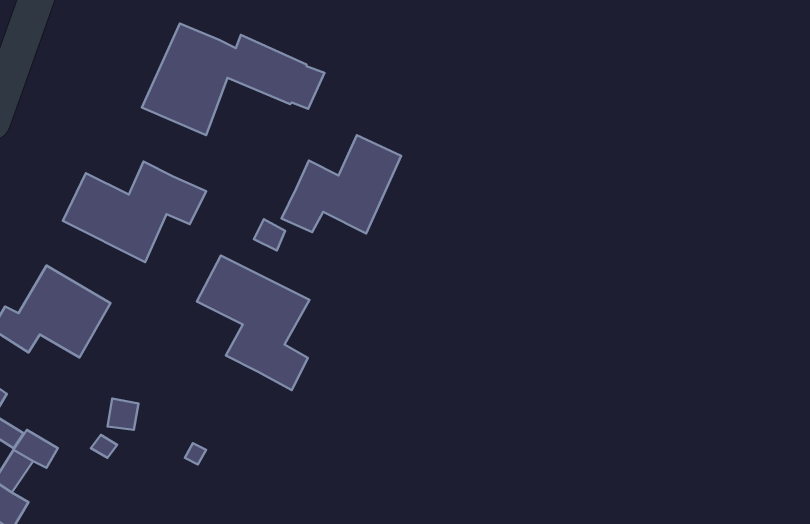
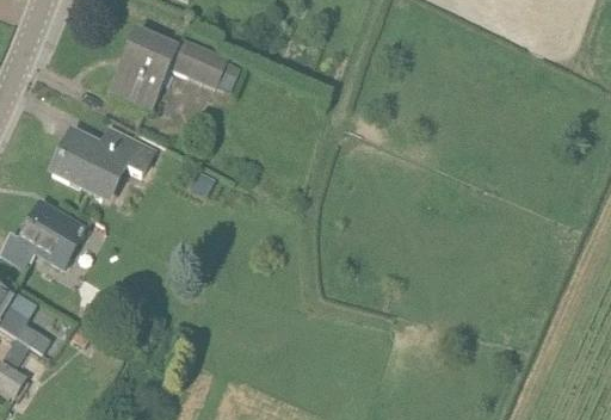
building: [281,135,401,233] -> none
building: [197,255,310,390] -> none

